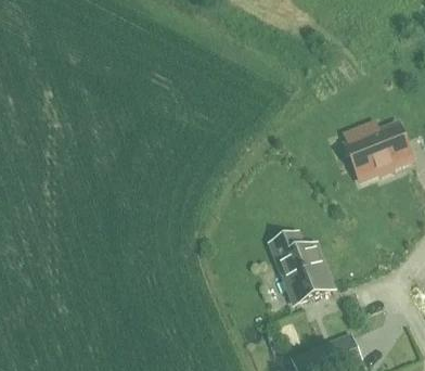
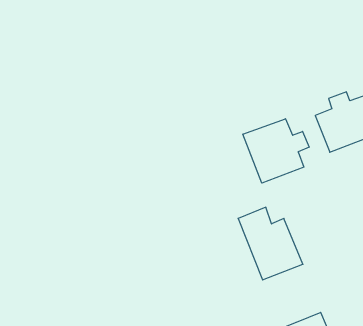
building: none -> [243,119,309,183]

